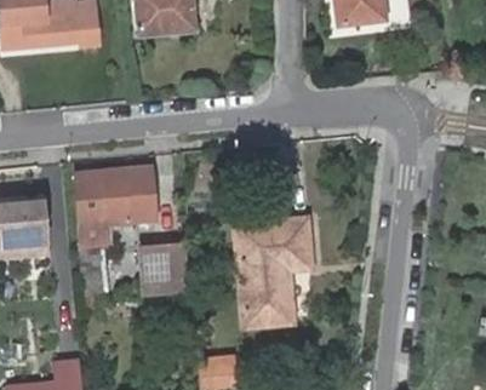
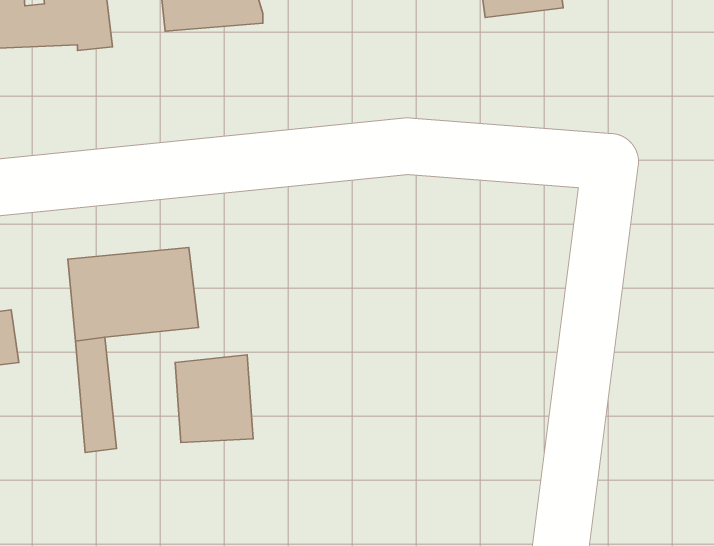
building: [236,214,313,320] -> none

